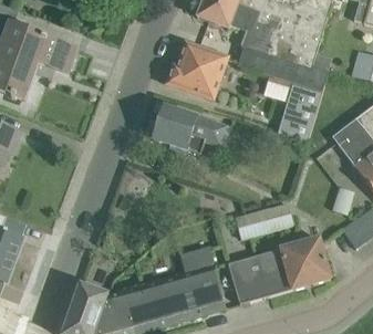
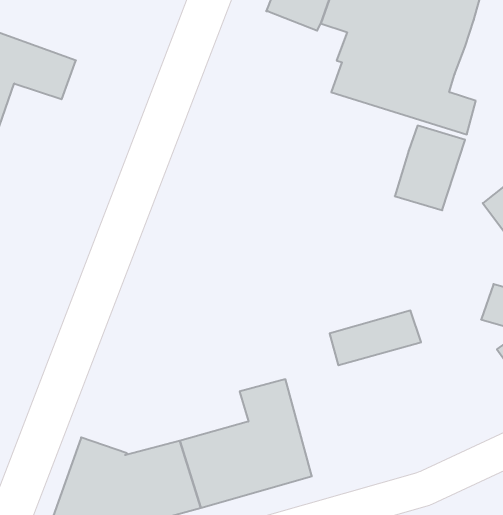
building: [167,41,227,97] -> none
building: [153,105,229,157] -> none
building: [228,237,330,303] -> none

